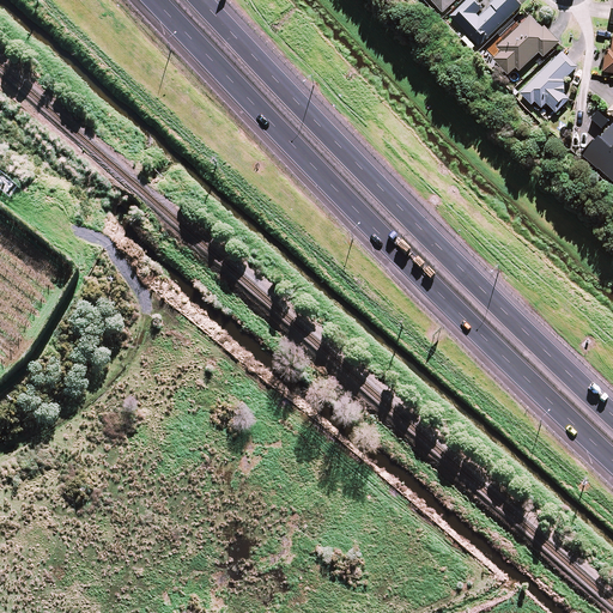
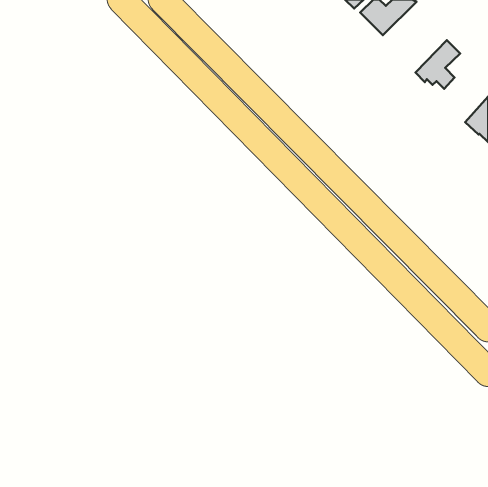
building: [494,13,559,73] -> none

